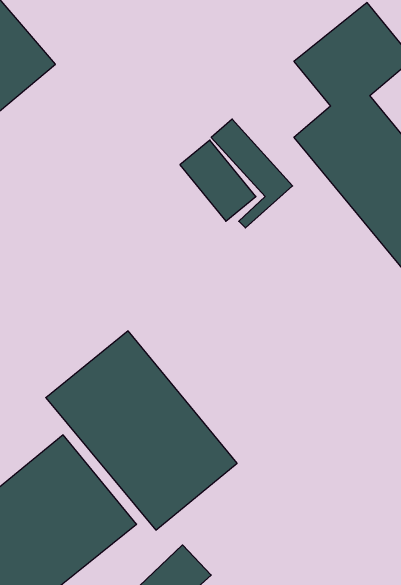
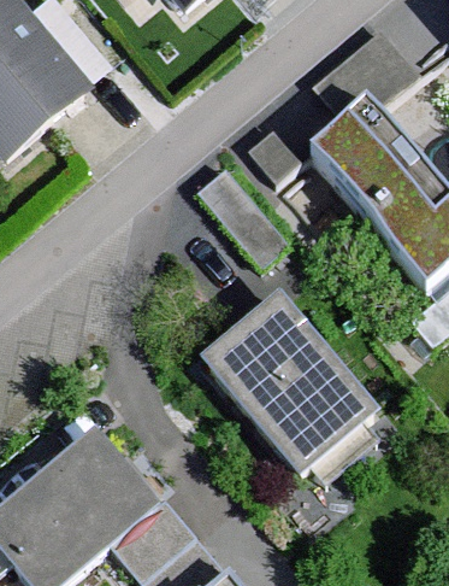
building: [46,331,237,530] -> [208,292,384,475]

